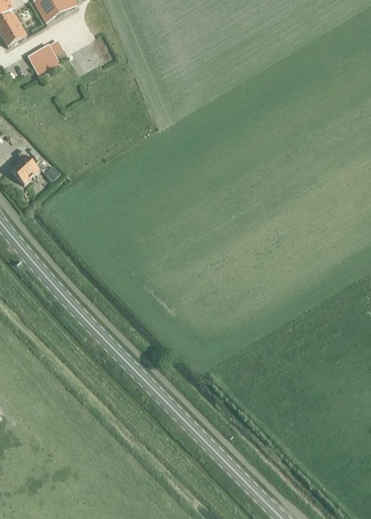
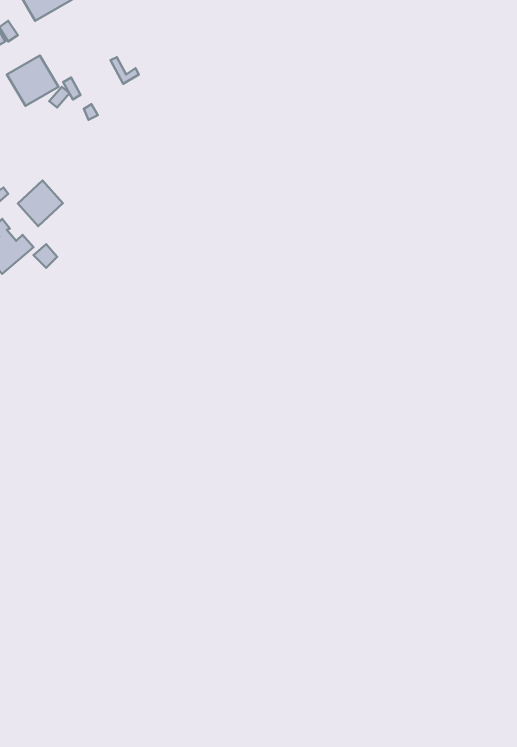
building: none -> [18,181,63,226]

